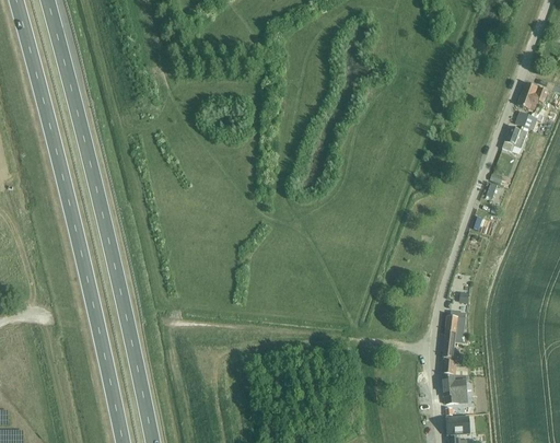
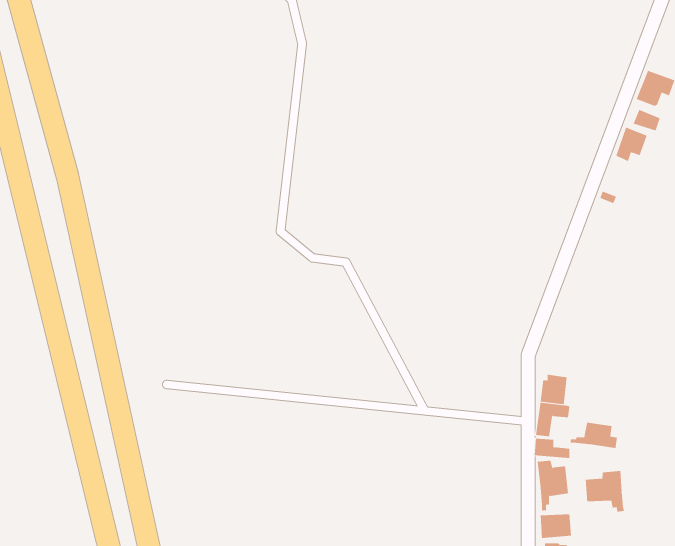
building: none -> [570,422,617,449]
building: none -> [585,470,625,513]

